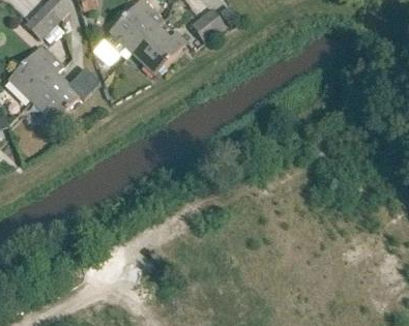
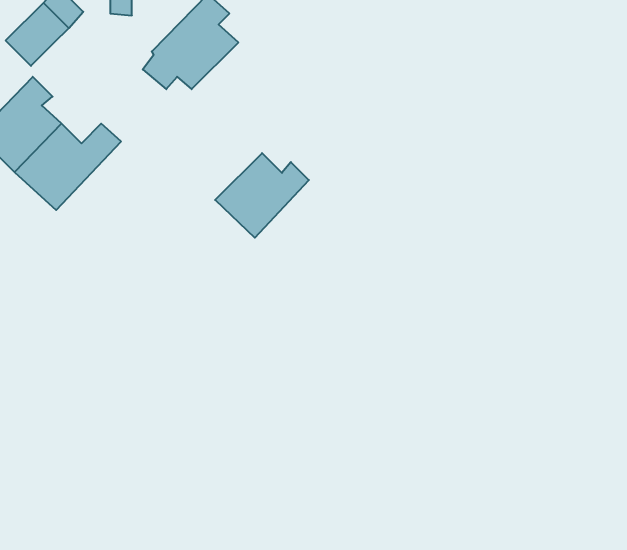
building: [192,9,226,42] -> none
building: [132,25,185,73] -> [215,153,309,238]

